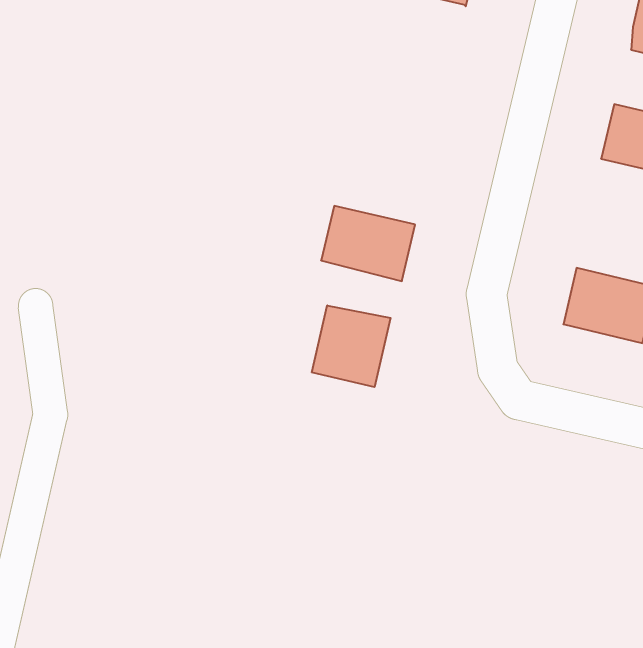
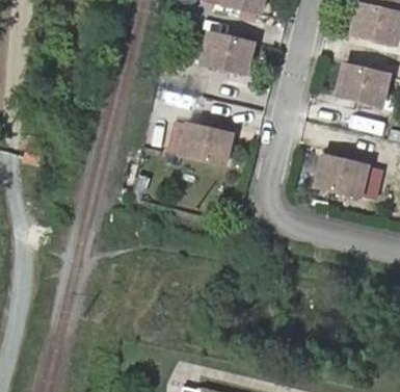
building: none -> [203,31,254,72]
building: [312,305,391,387] -> none

